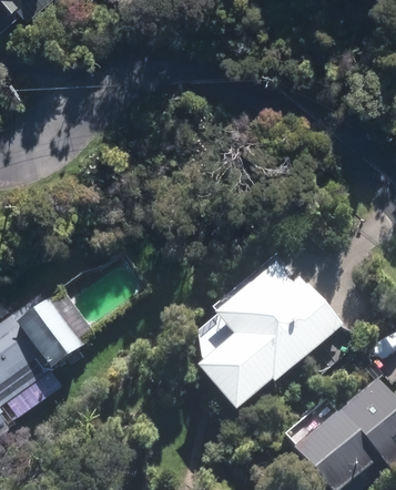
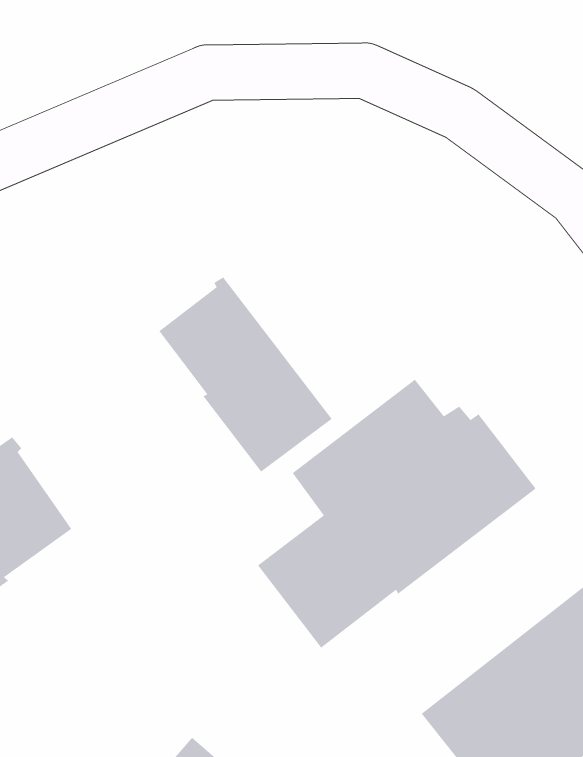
building: none -> [159,276,333,473]

